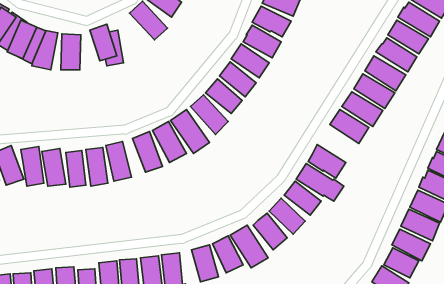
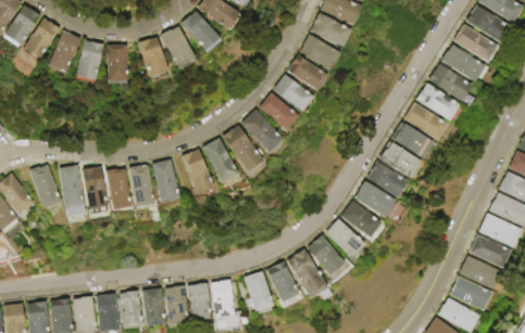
building: none -> [154,22,190,65]
building: none -> [382,144,424,180]

